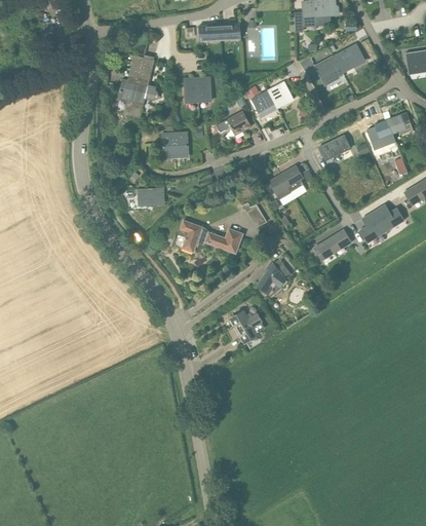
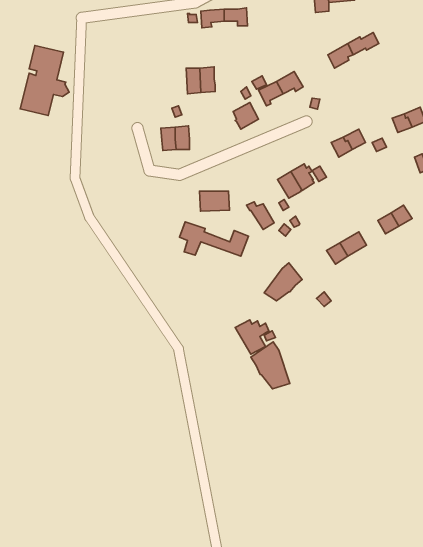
building: [114,52,159,117] -> [20,45,69,116]
building: [138,189,165,208] -> [200,191,230,211]
building: none -> [251,342,290,389]

